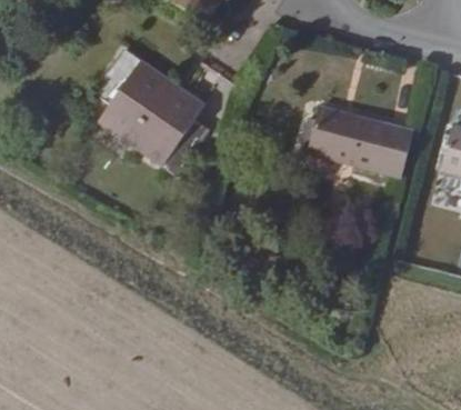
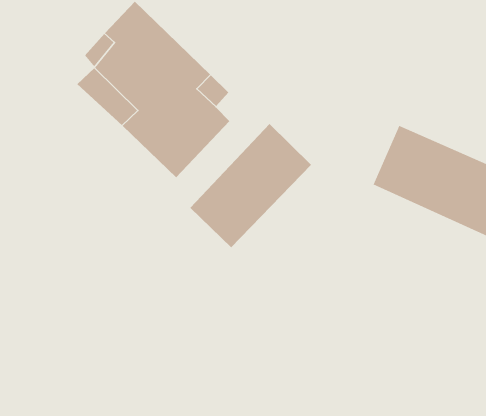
building: none -> [190,123,312,248]

